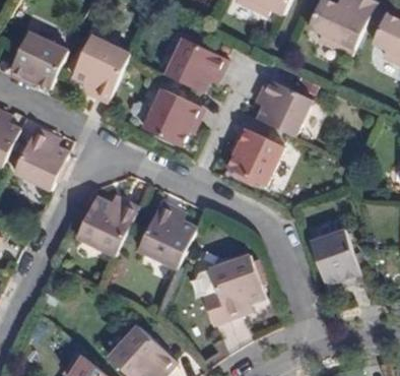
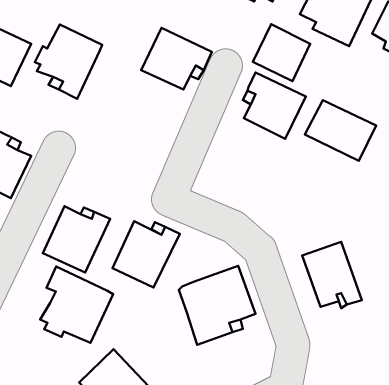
building: none -> [253,24,310,81]
building: [147,90,204,147] -> none
building: none -> [305,100,376,161]
building: [226,129,282,186] -> none
building: none -> [40,267,113,343]

